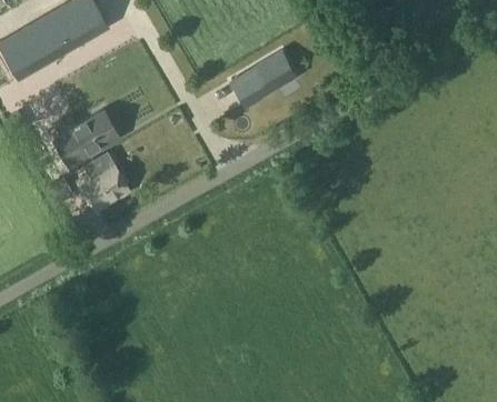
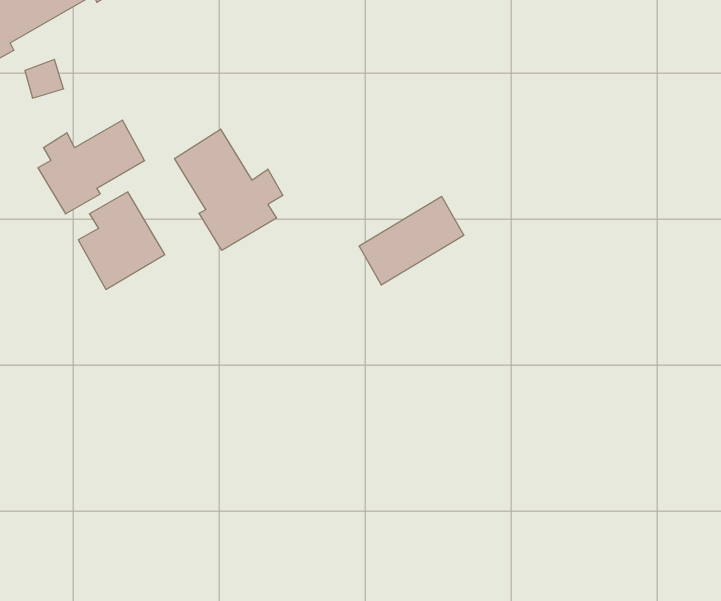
building: [230,52,294,105] -> [359,197,464,285]
building: none -> [175,129,283,250]

